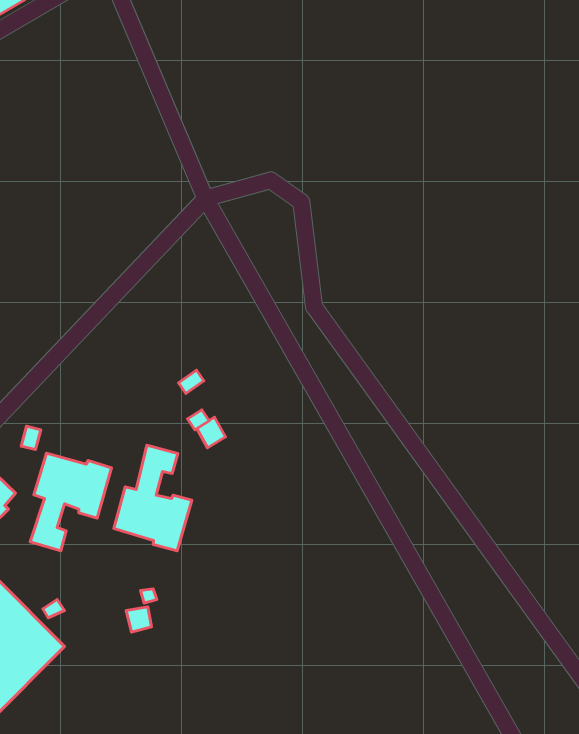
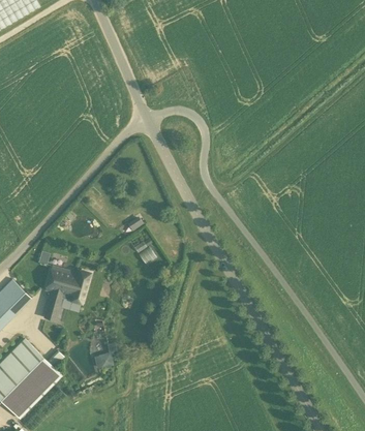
building: [114,445,192,551] -> none

